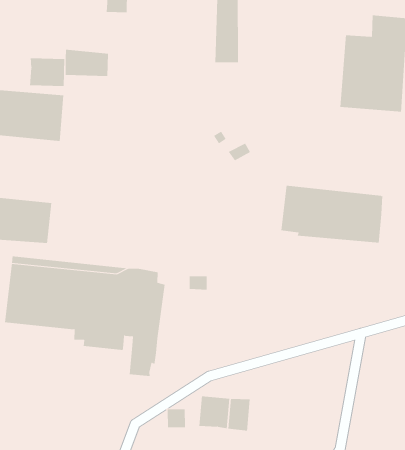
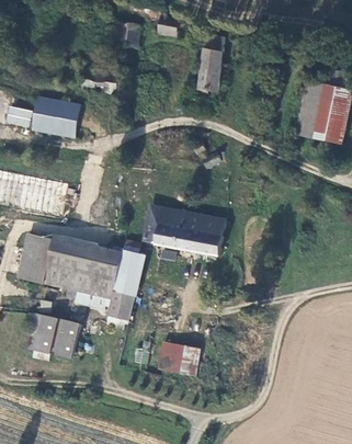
building: [30,58,65,87] -> none
building: [280,185,383,243] -> [144,207,225,259]
building: none -> [33,310,81,354]

